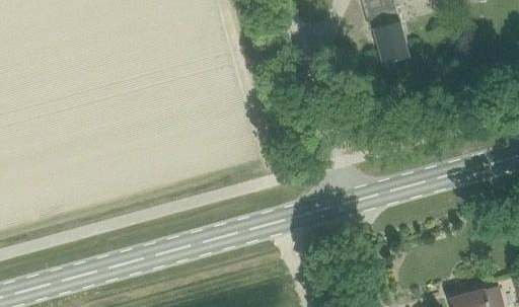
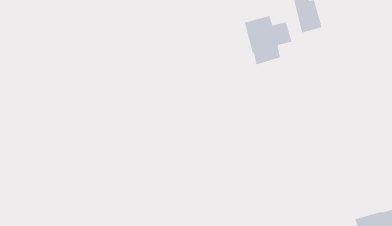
building: none -> [244,15,292,65]

